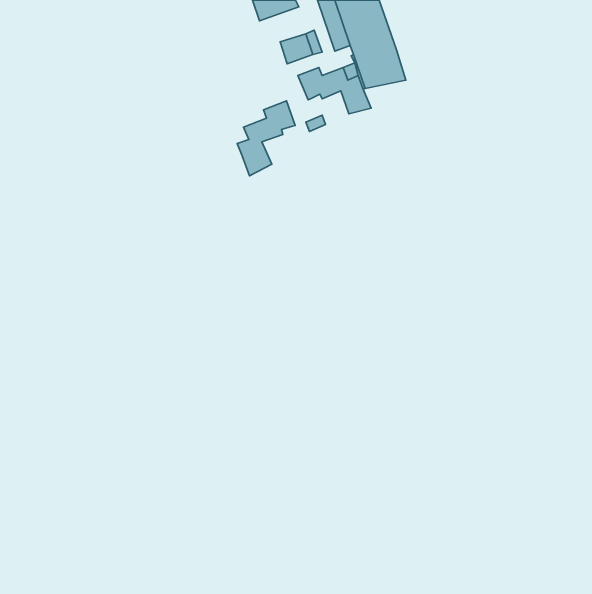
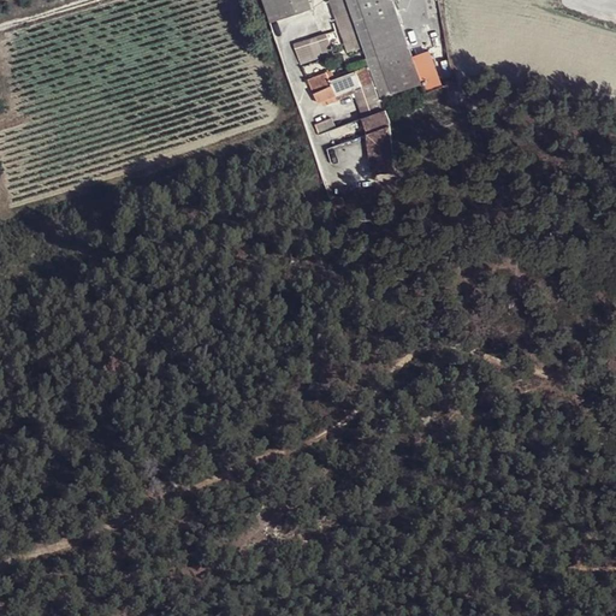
building: none -> [410,46,439,91]
building: [237,101,295,176] -> none
building: none -> [361,116,390,166]

